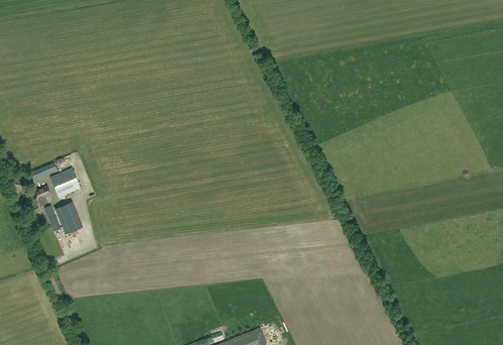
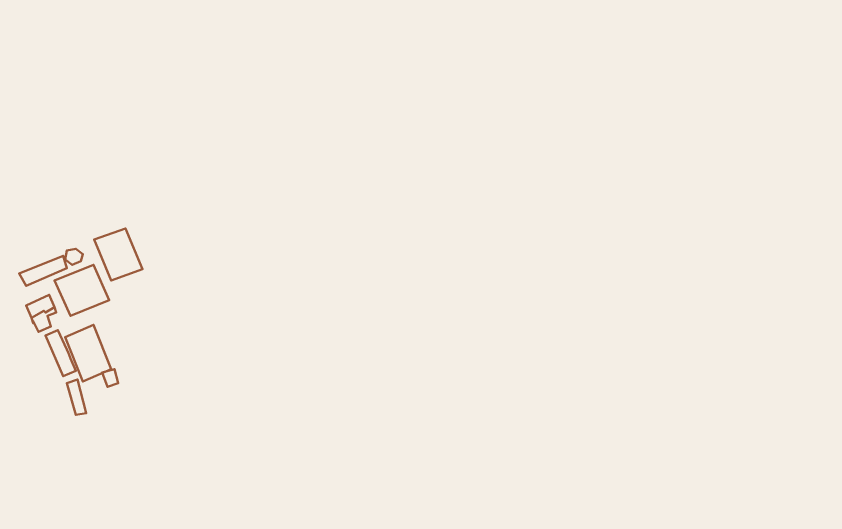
building: none -> [94,228,142,281]

